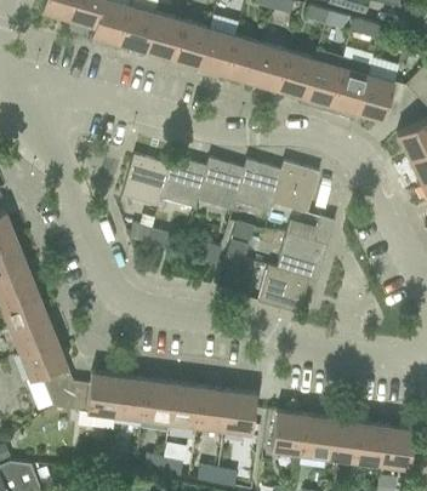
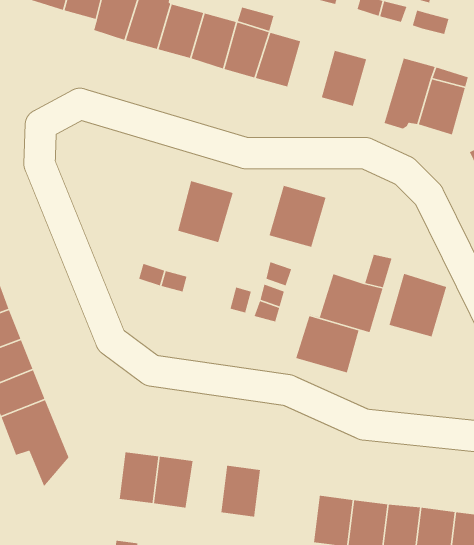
building: [251,44,289,90] -> none
building: [304,48,345,110] -> none
building: [123,154,172,206] -> none
building: [195,158,247,210] -> none
building: [271,161,320,213] -> [386,273,447,337]
building: [53,372,119,415] -> none
building: [169,383,201,426] -> none
building: [224,390,257,432] -> none

